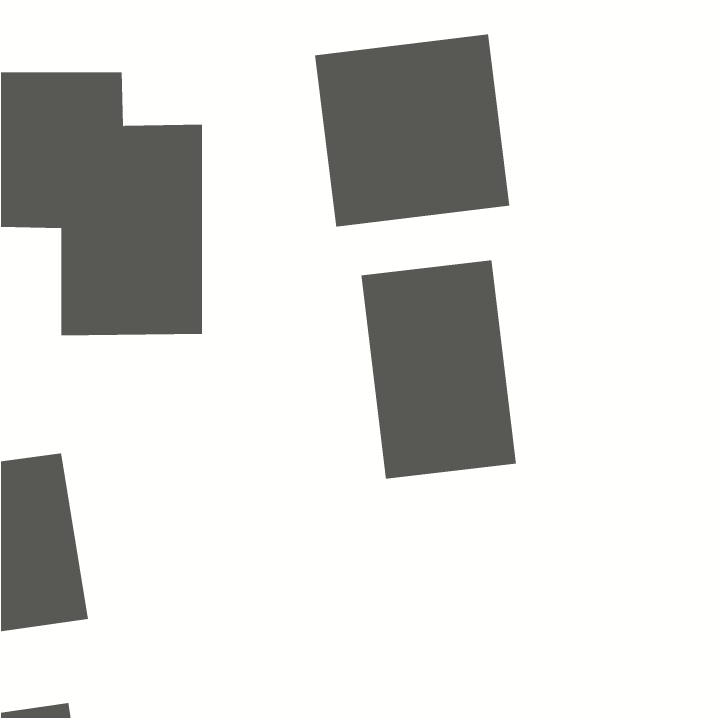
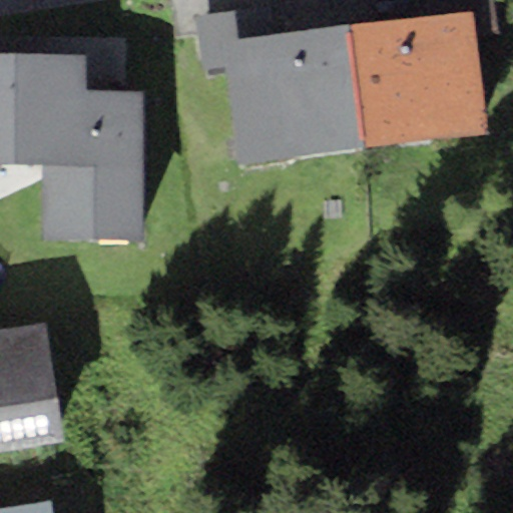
building: none -> [348,10,487,148]
building: [361,259,517,480] -> none

